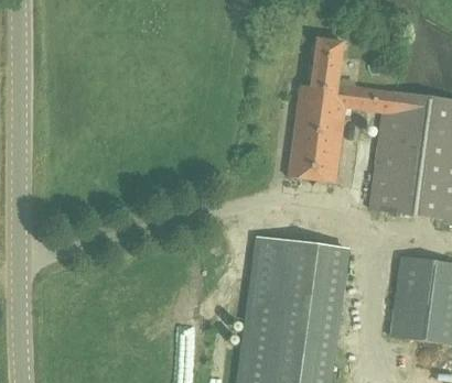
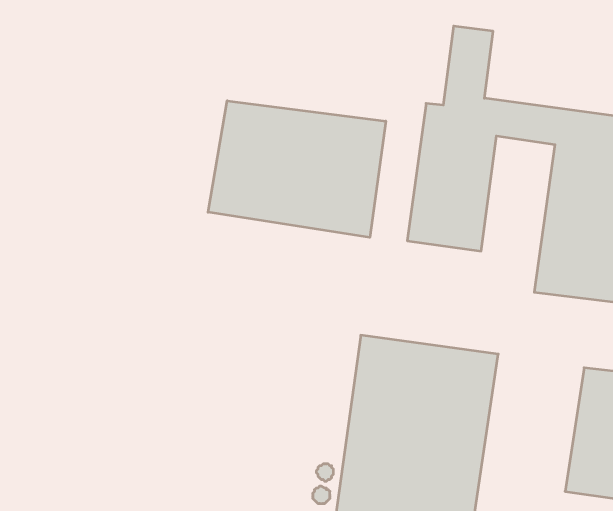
building: none -> [208,101,386,237]

